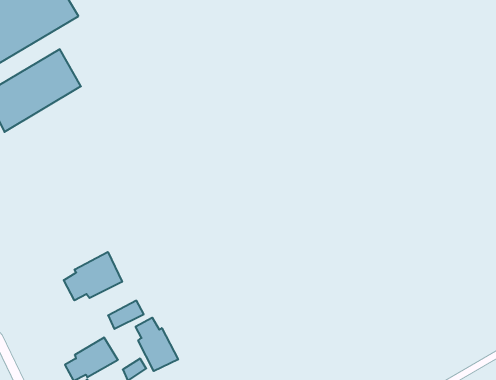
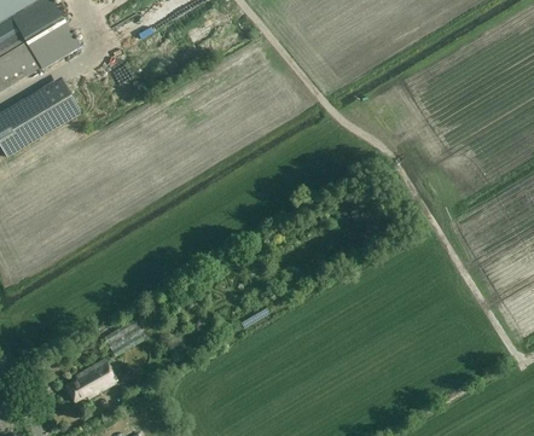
building: [64,252,122,300] -> none
building: [136,318,178,371] -> none

